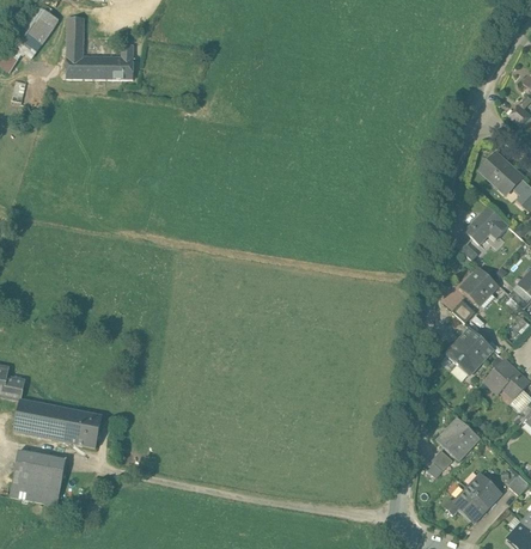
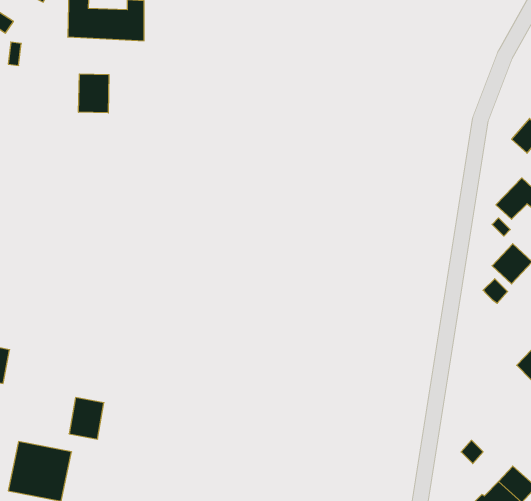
building: none -> [79,74,109,113]
building: [445,329,490,374] -> none
building: [11,398,74,444] -> none
building: [435,417,477,460] -> none

